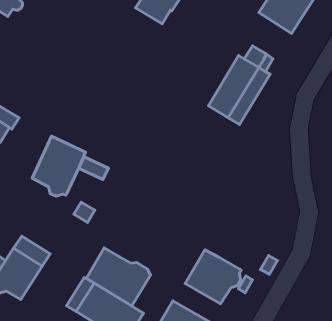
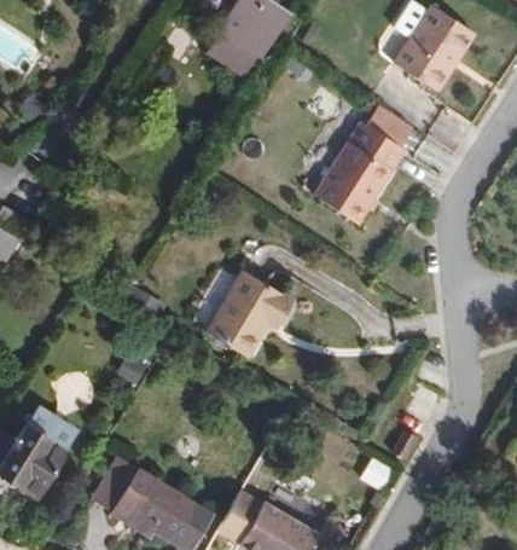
building: [32,136,86,196] -> none
building: none -> [208,264,292,347]
building: [86,248,150,306] -> none
building: [185,250,241,304] -> none

